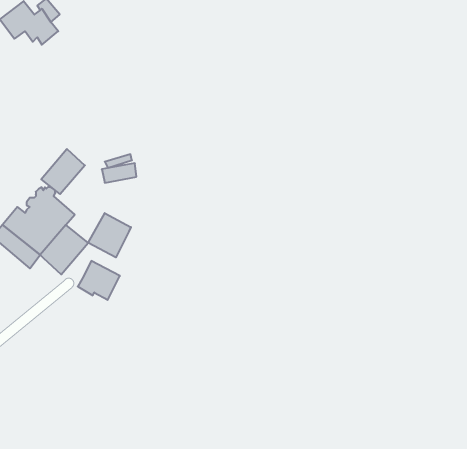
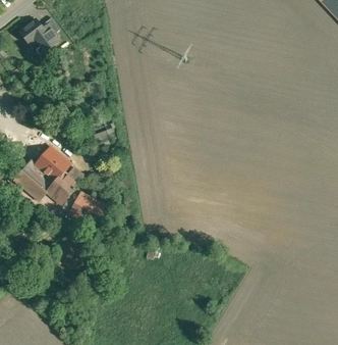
building: [41,149,85,194] -> none
building: [88,213,131,257] -> none

